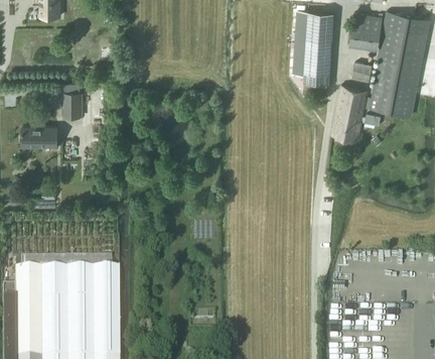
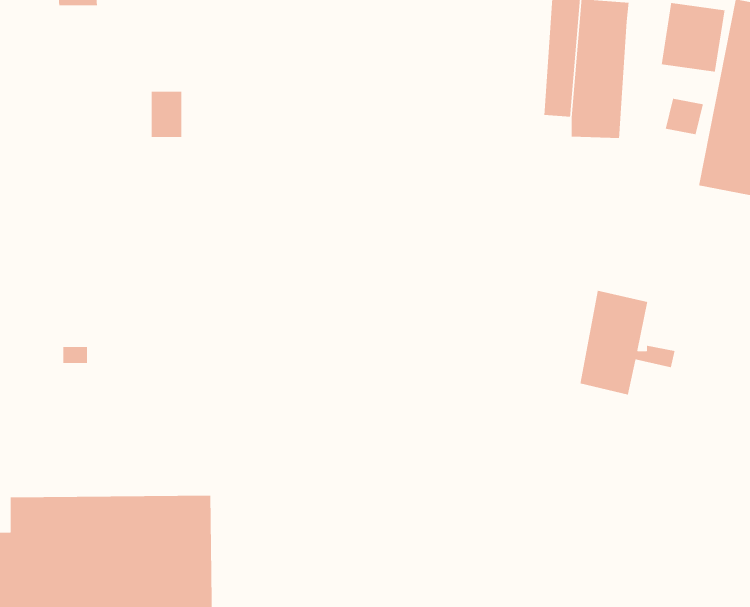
building: [332,85,382,139] -> [580,290,675,396]
building: [64,92,81,116] -> [151,91,182,138]
building: [22,126,58,145] -> none

